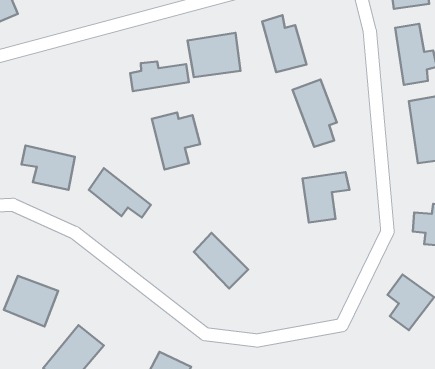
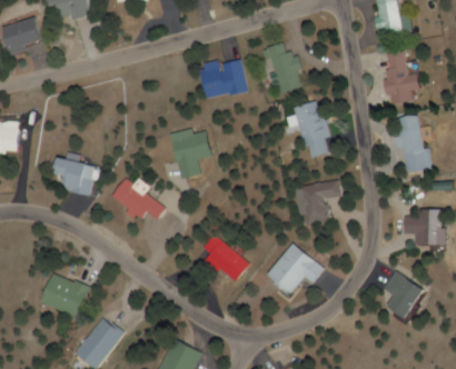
building: [130,61,189,91] -> none
building: none -> [266,245,320,295]

